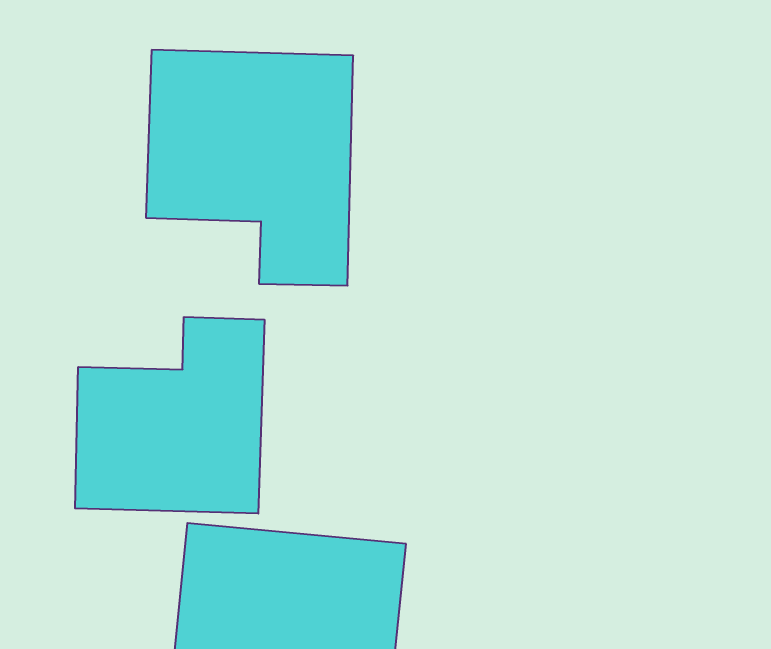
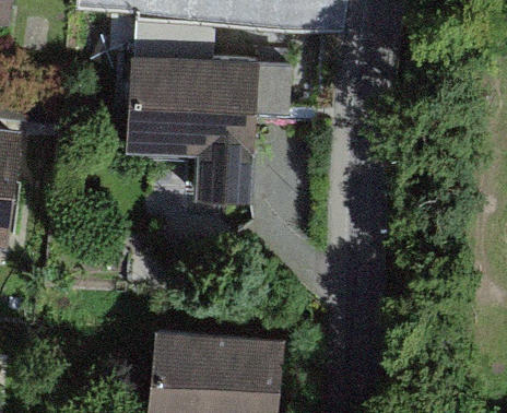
building: [75,317,264,514] -> none

